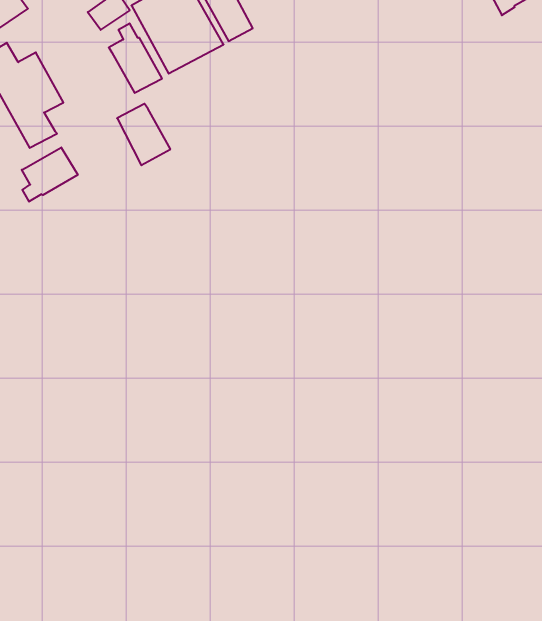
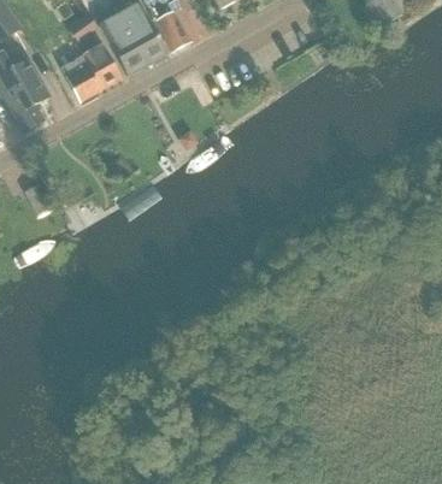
building: [117,104,170,165] -> [63,53,102,99]
building: [22,147,78,202] -> none

